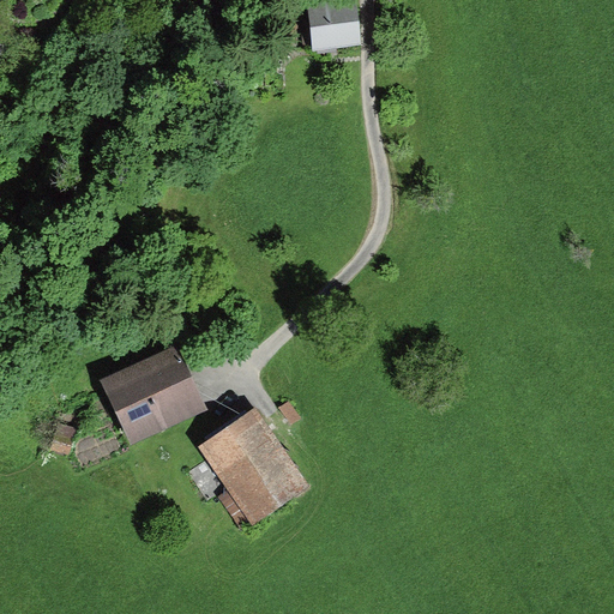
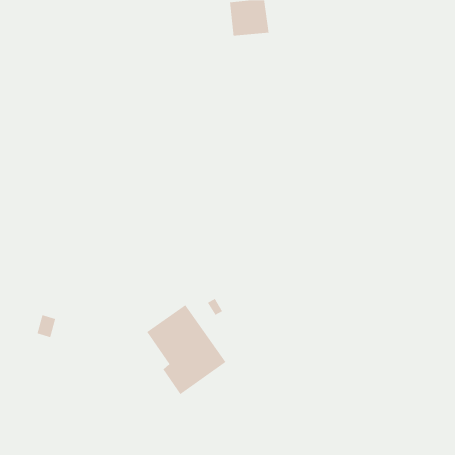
building: [100,345,205,445] -> none

